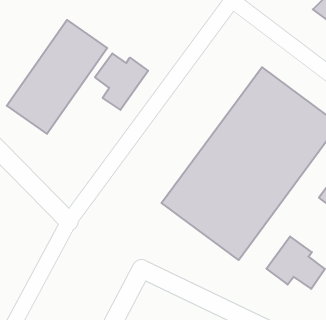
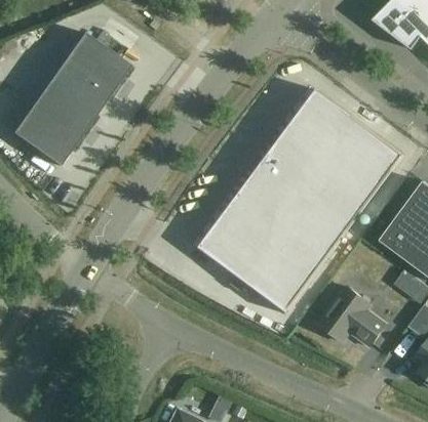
building: [95,53,148,110] -> none

